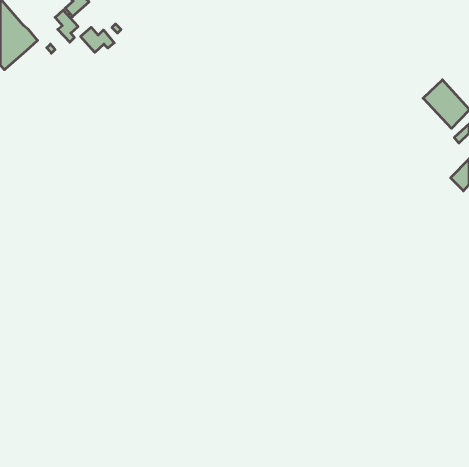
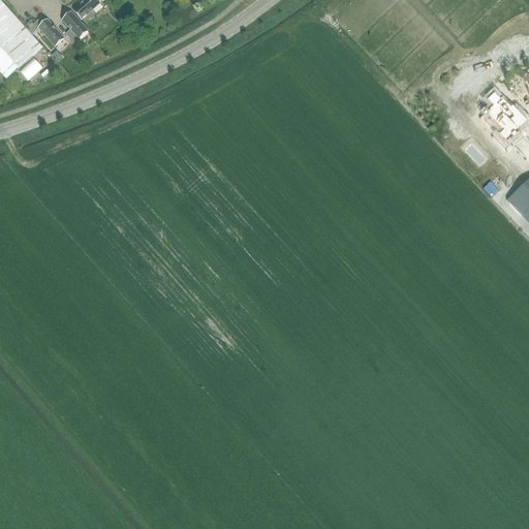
building: none -> [27,19,64,45]
building: [81,27,114,52] -> none

